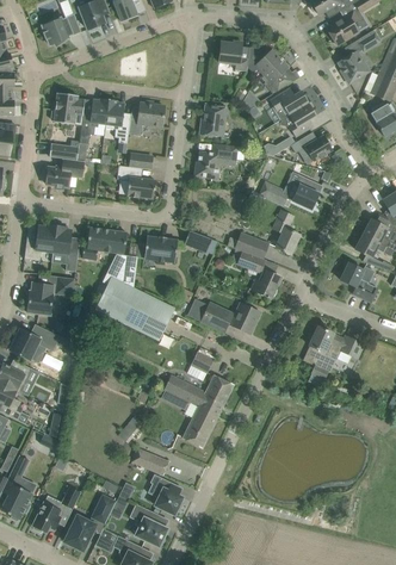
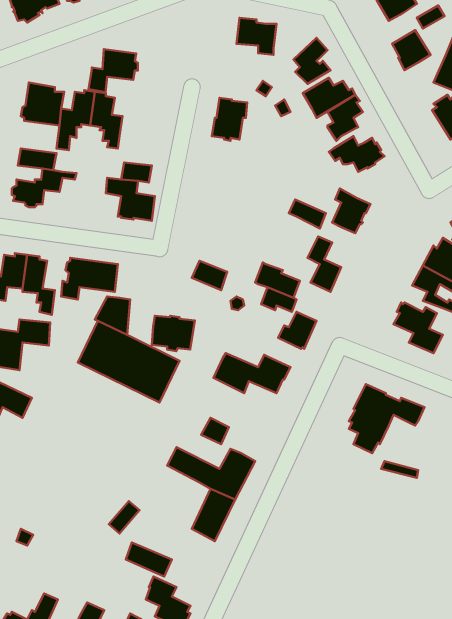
building: [247,46,280,74] -> none
building: [128,103,166,136] -> [89,49,138,92]
building: [194,144,237,179] -> none
building: [144,236,178,263] -> [152,316,195,351]

